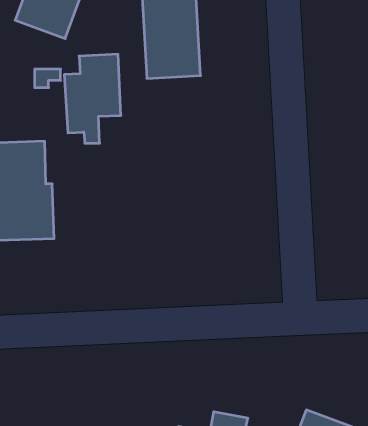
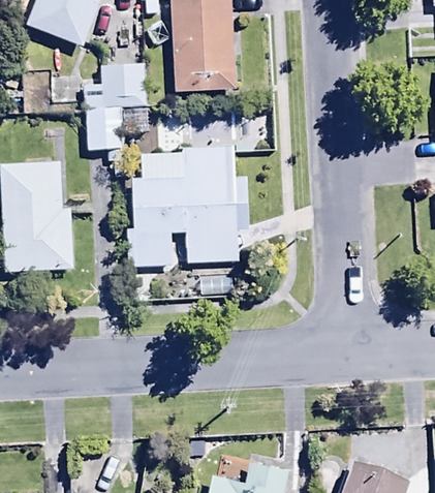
building: none -> [127,147,249,275]

